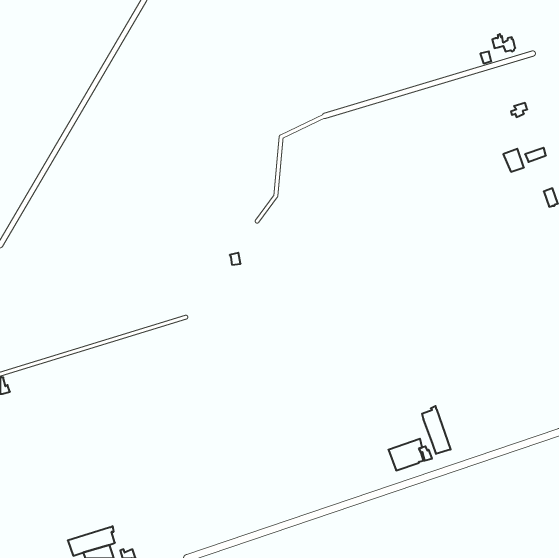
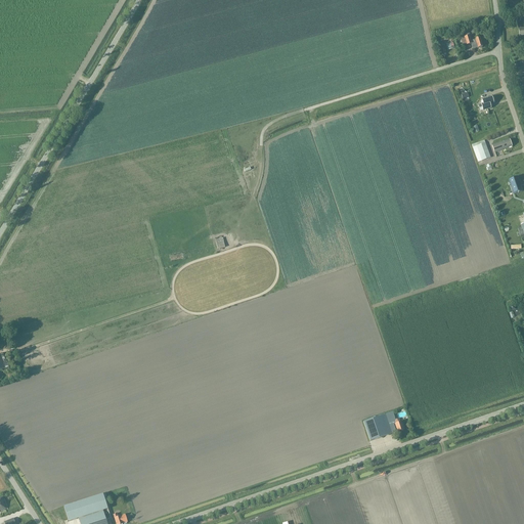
building: [422,406,451,454] -> none

